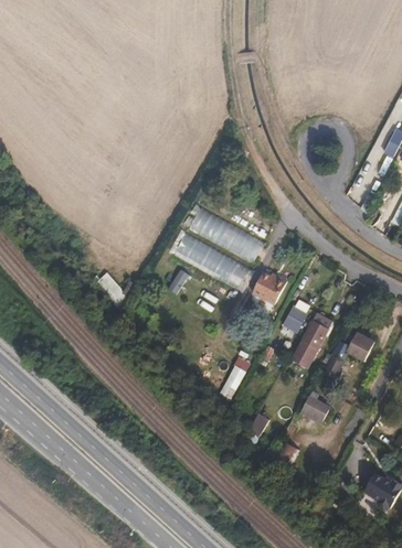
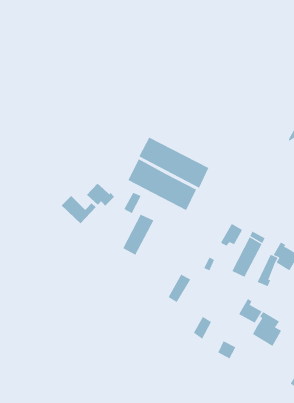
building: none -> [86,183,115,207]
building: [248,276,284,310] -> none
building: none -> [123,214,154,256]
building: none -> [252,311,282,347]

